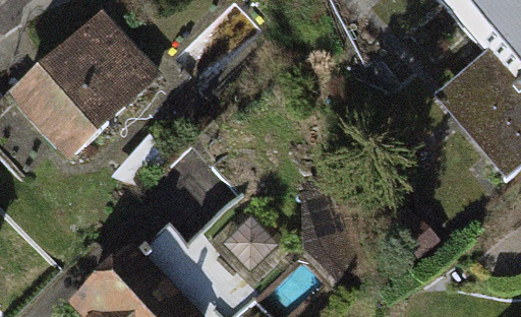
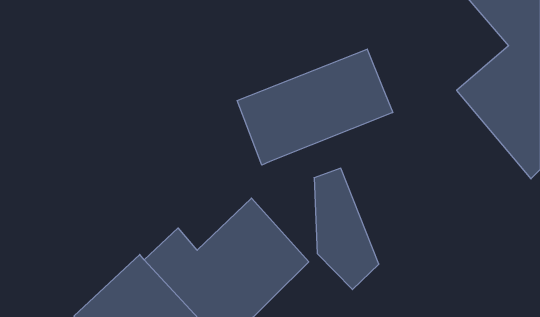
building: [12,14,161,158] -> none
building: none -> [237,49,393,165]

